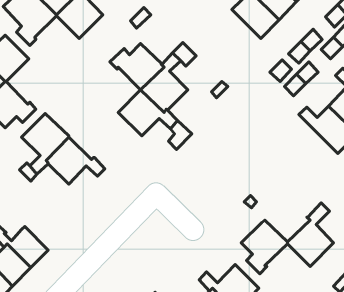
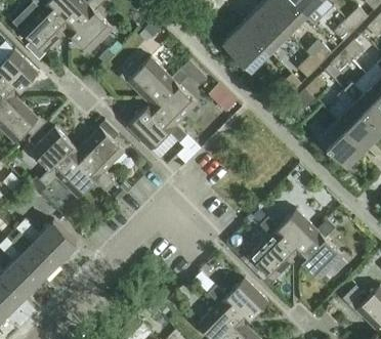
building: none -> [221,25,269,72]
building: none -> [78,121,124,174]
building: none -> [259,211,319,256]
building: none -> [16,220,76,264]

